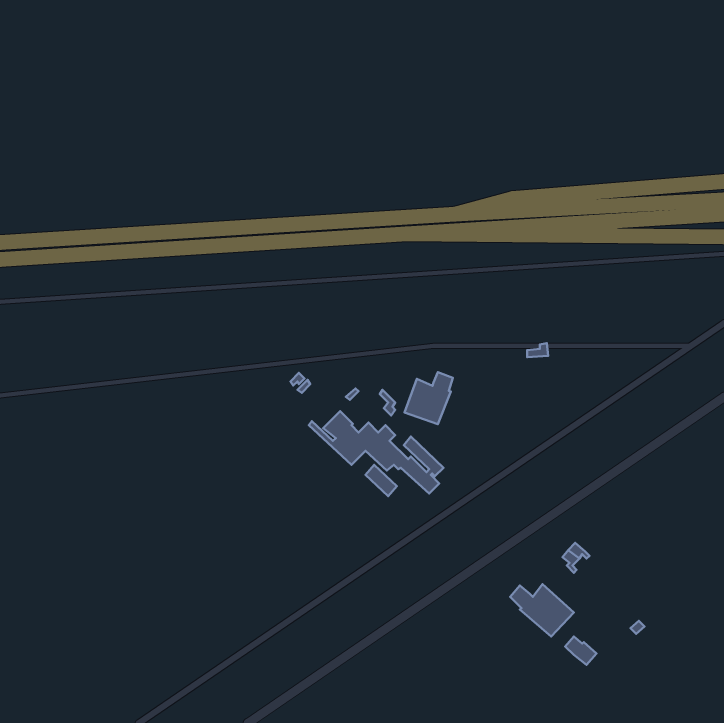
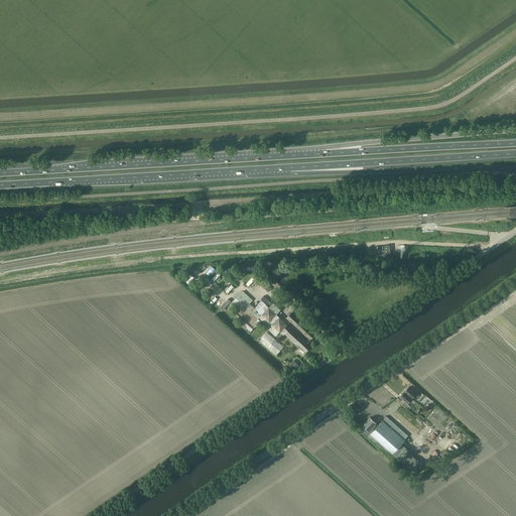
building: [405,372,453,424] -> none

